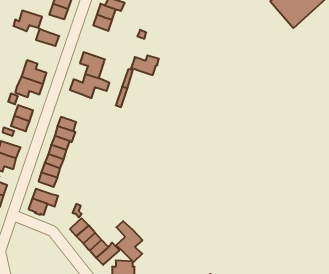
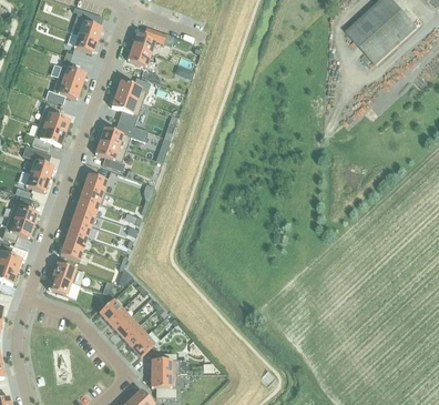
building: [13,11,42,31] -> [47,78,82,103]
building: [131,55,159,75] -> [116,78,151,102]
building: none -> [95,140,126,171]
building: [116,221,142,262] -> none

